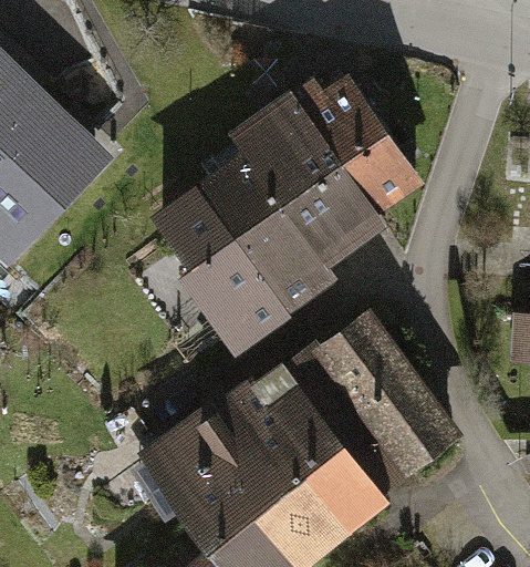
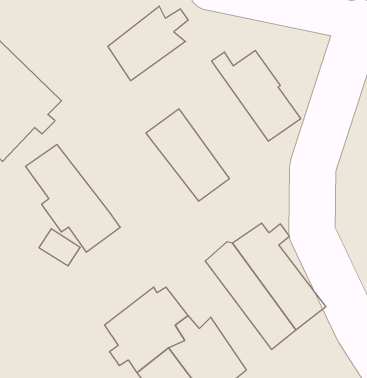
building: none -> [108,6,188,81]
building: [236,101,378,261] -> none
building: [163,199,292,347] -> [25,144,120,252]
building: [233,374,377,523] -> none

